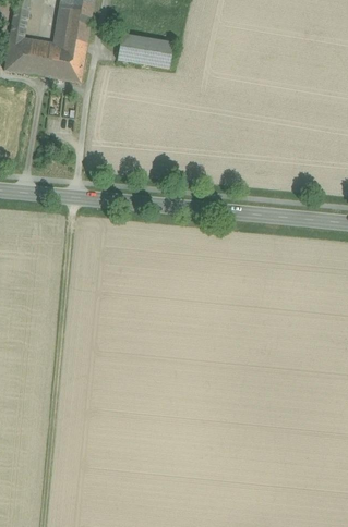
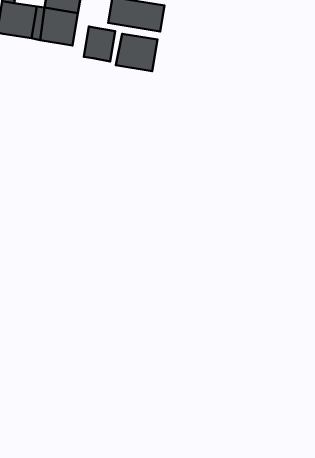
building: none -> [84,27,115,62]
building: none -> [116,34,158,71]

